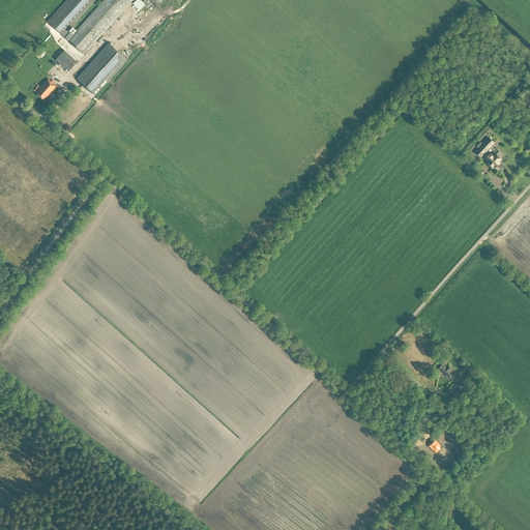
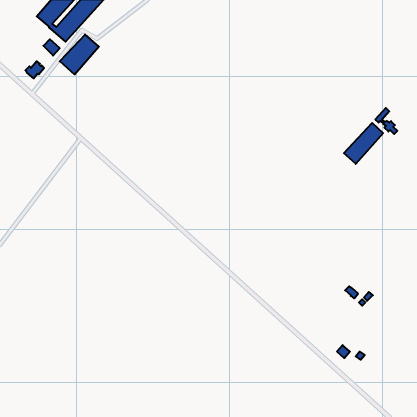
building: none -> [344,123,383,164]

